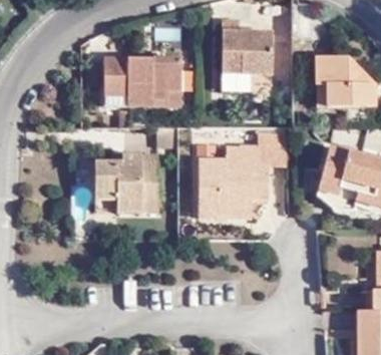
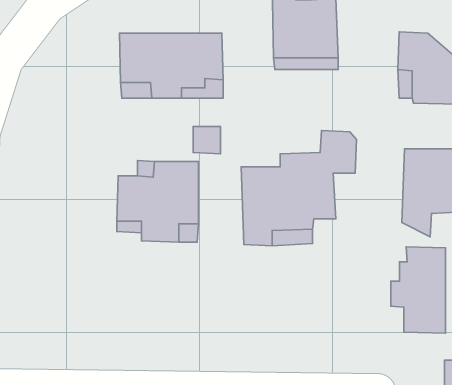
building: none -> [391,247,446,333]

